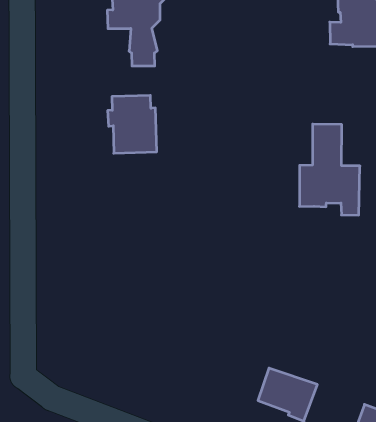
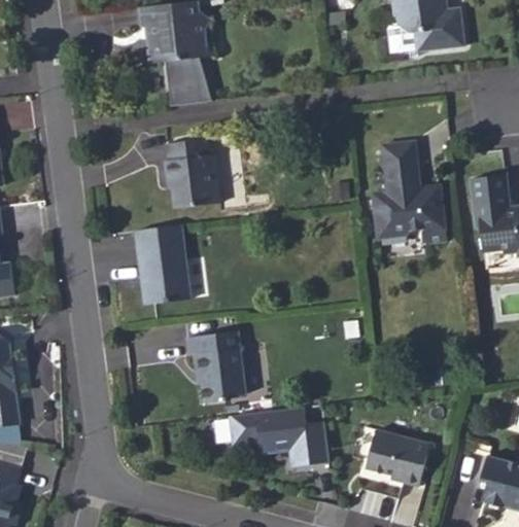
building: none -> [131,222,185,301]
building: none -> [179,330,241,406]
building: none -> [228,407,325,465]

